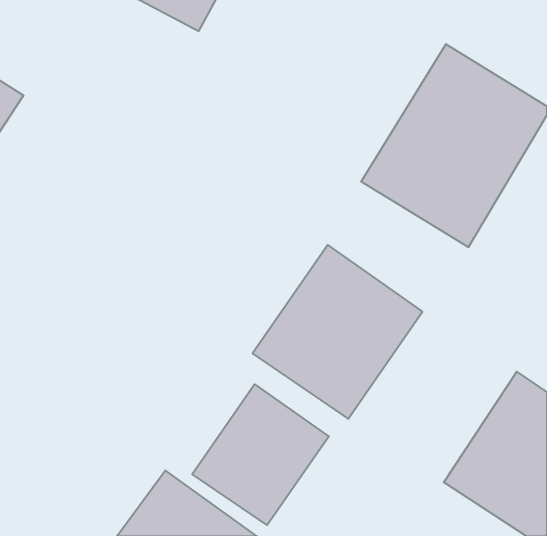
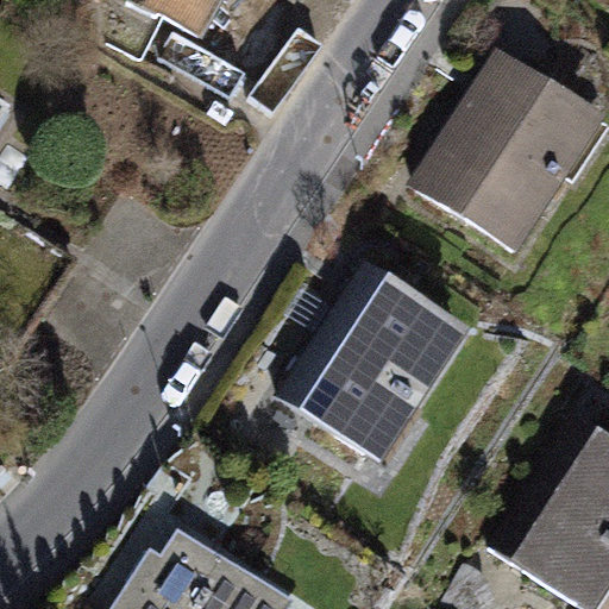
building: [192,384,329,525] -> none

